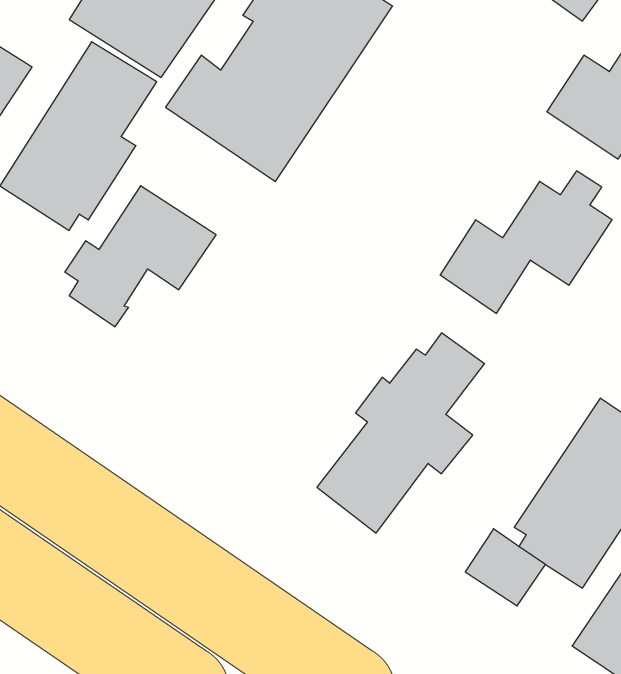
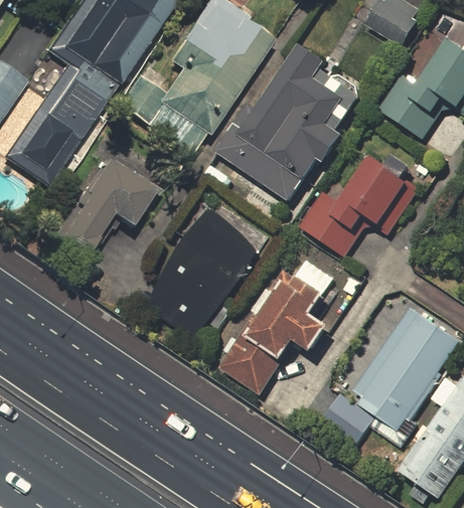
building: none -> [212,44,357,206]
building: none -> [146,188,272,336]

